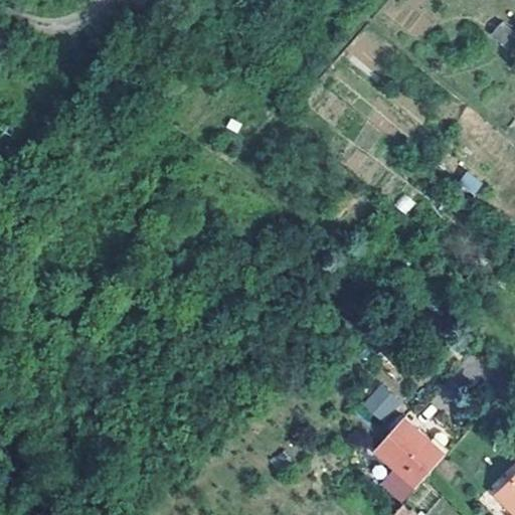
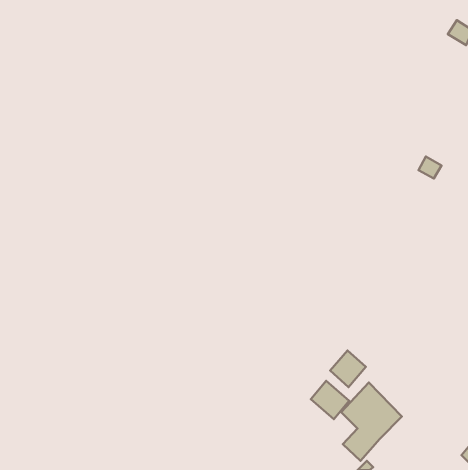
building: none -> [311,381,349,419]

